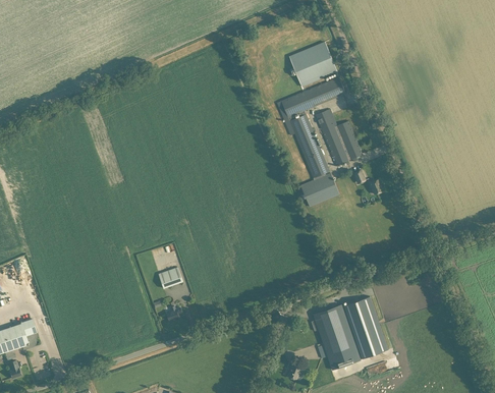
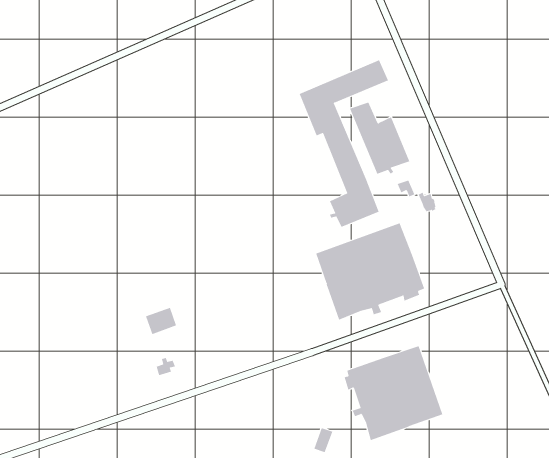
building: [289,42,336,87] -> none
building: none -> [315,222,425,321]

